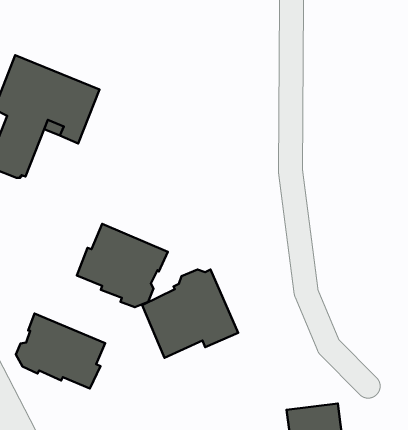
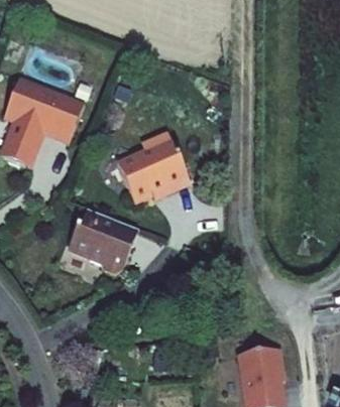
building: [142,269,238,358] -> [120,137,194,205]
building: [16,313,105,389] -> none

